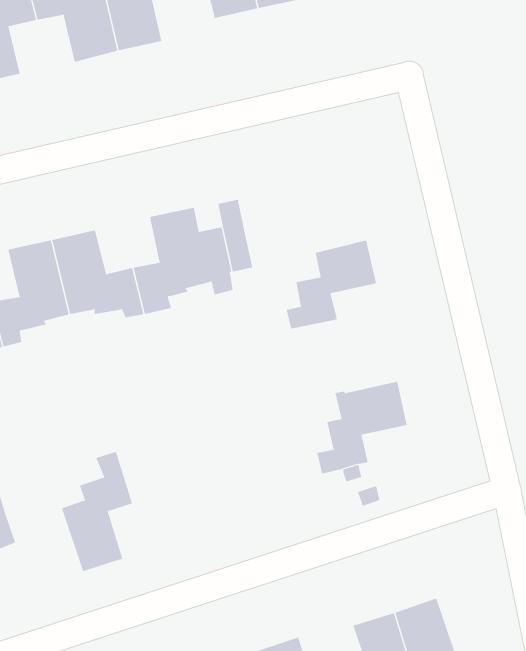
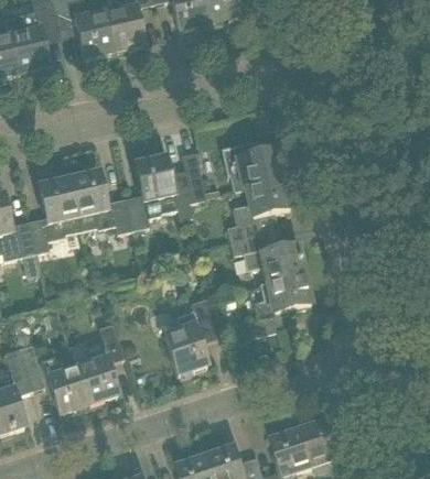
building: none -> [221,139,282,190]
building: none -> [230,232,303,282]
building: none -> [163,295,218,374]
building: none -> [41,356,89,413]

